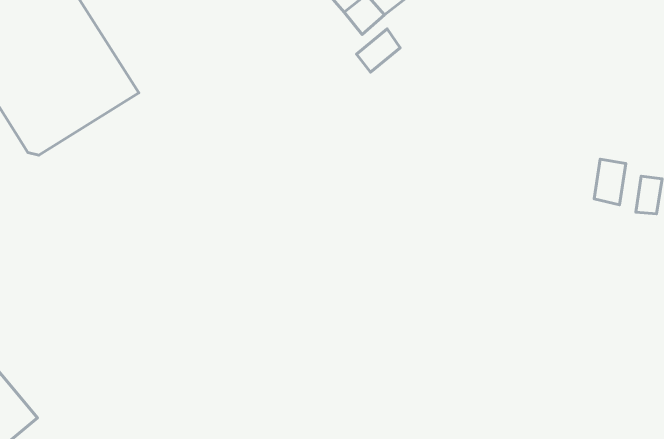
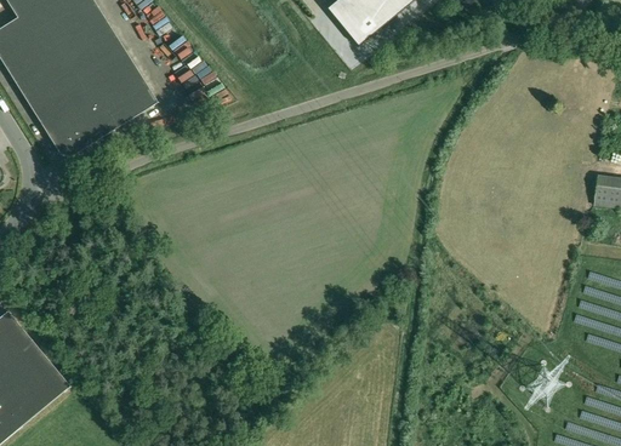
building: [356,29,400,72] -> none
building: [594,159,626,205] -> none

